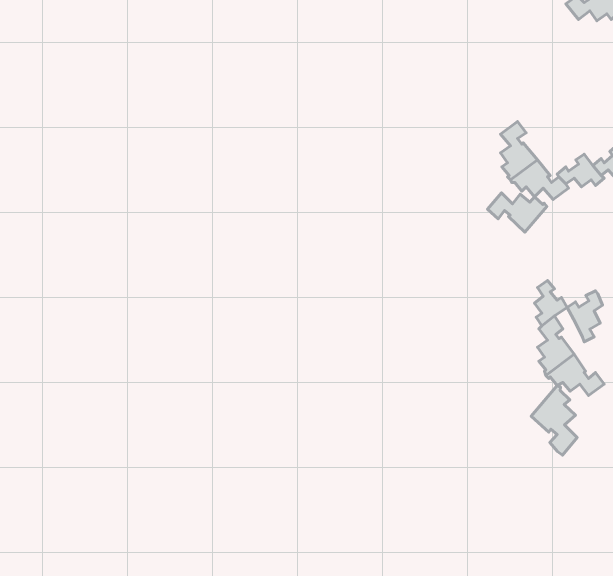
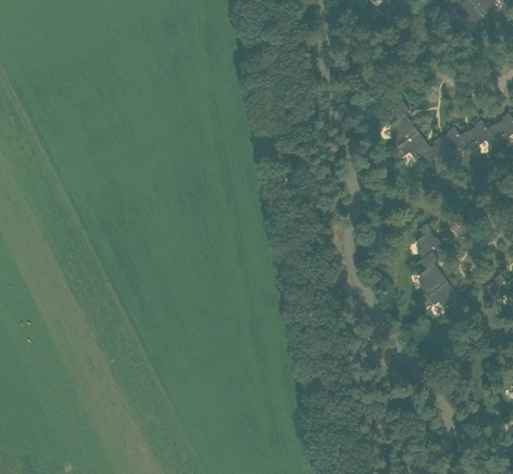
building: [487,193,547,232] -> none
building: [567,291,602,342] -> none
building: [531,385,577,455] -> none

